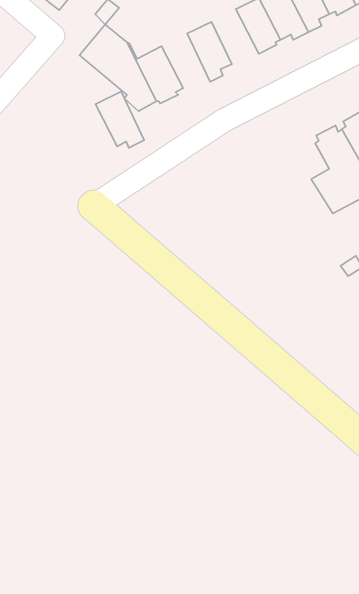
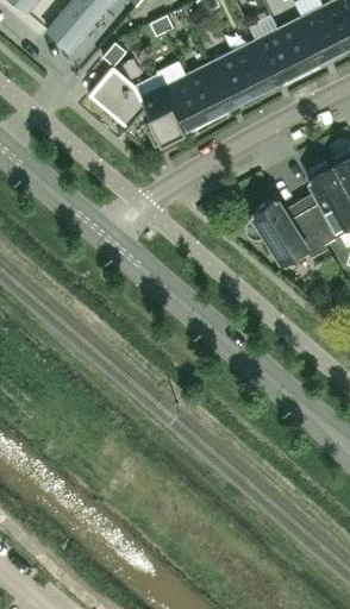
building: none -> [212,54,256,105]
building: [96,92,144,148] -> [165,76,211,128]
building: none -> [245,197,327,269]

